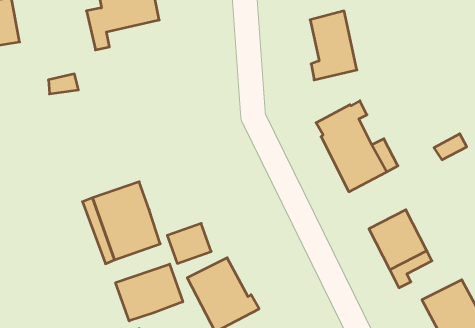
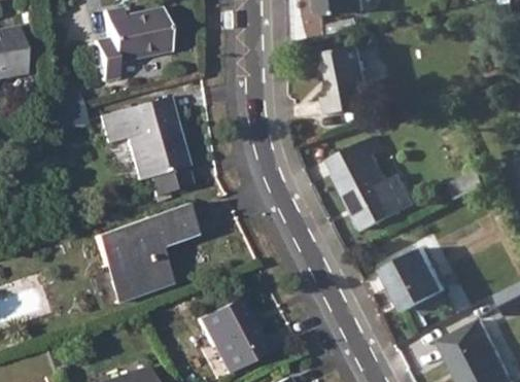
building: none -> [103,99,190,198]
building: [167,223,211,263] -> [149,206,195,247]
building: [116,264,183,321] -> none

